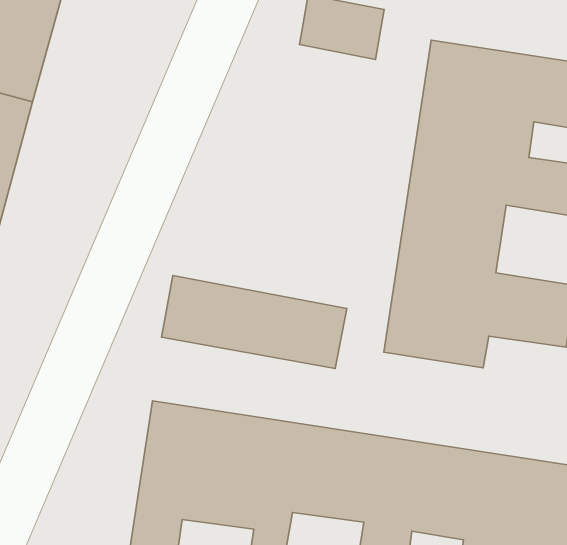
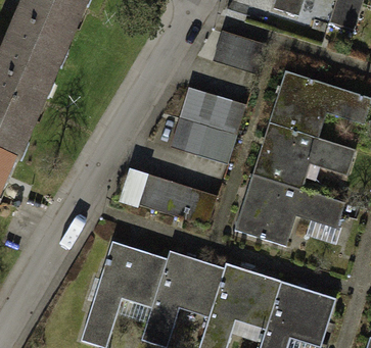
building: none -> [169,86,243,161]

